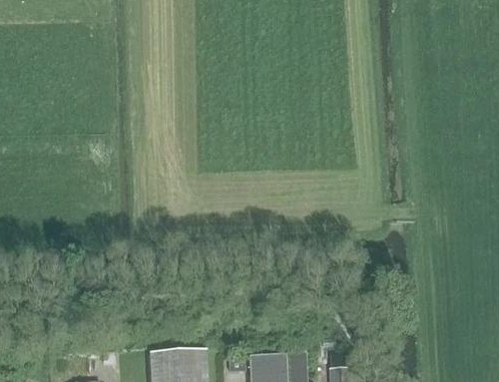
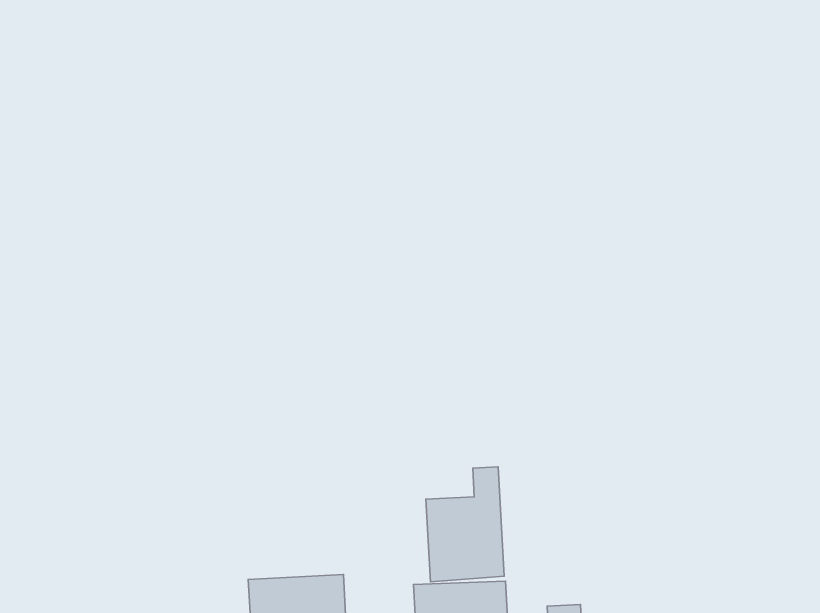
building: none -> [426,467,504,582]

